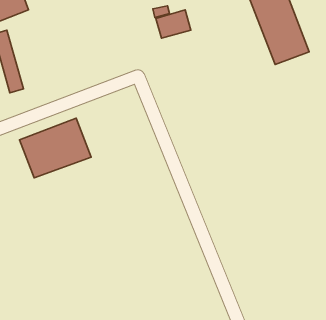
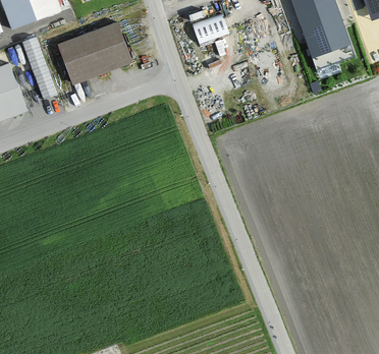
building: [20,118,91,178] -> [57,22,131,84]

